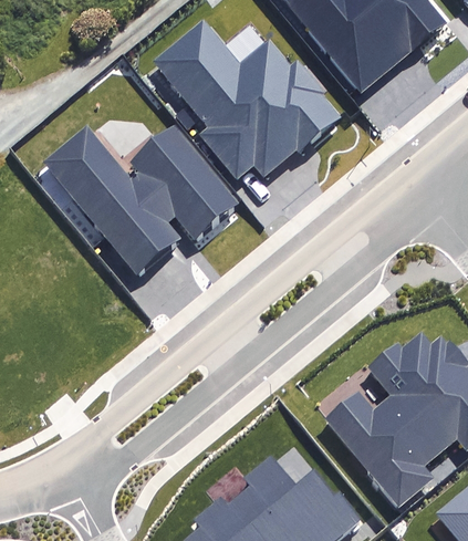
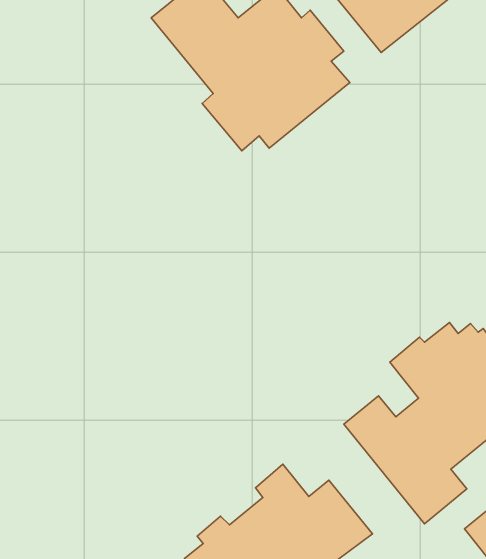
building: [39,124,235,275] -> none

